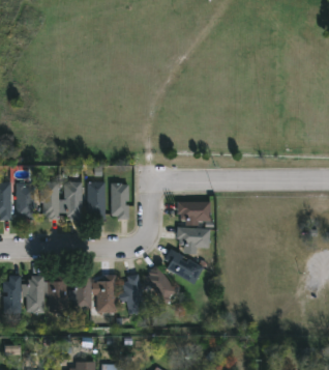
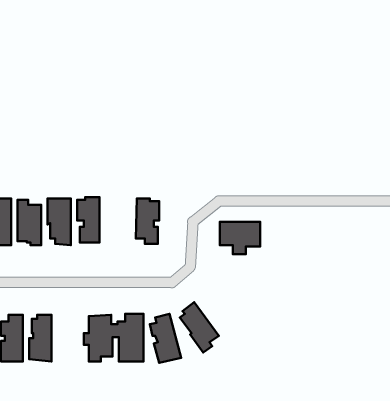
building: [87,181,106,220] -> none
building: [177,227,210,249] -> none
building: [167,249,203,284] -> none
building: [47,276,67,313] -> none

